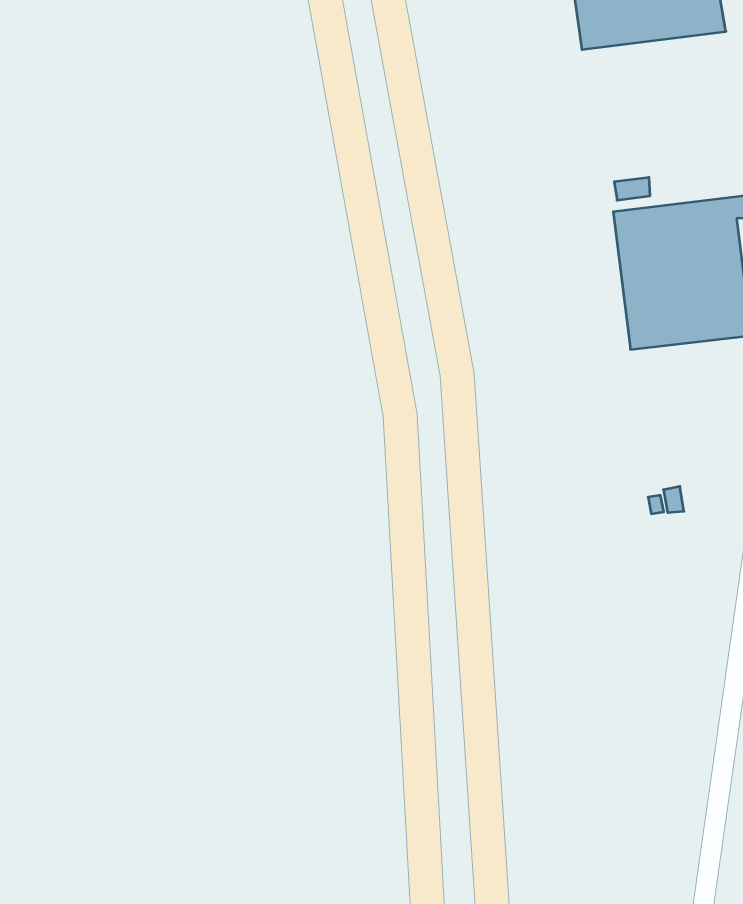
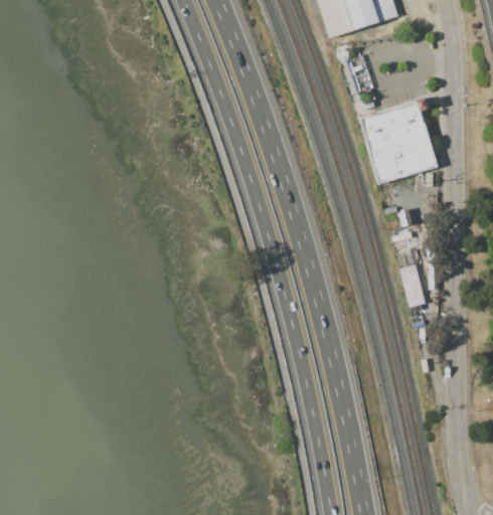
building: none -> [399,265,426,307]

